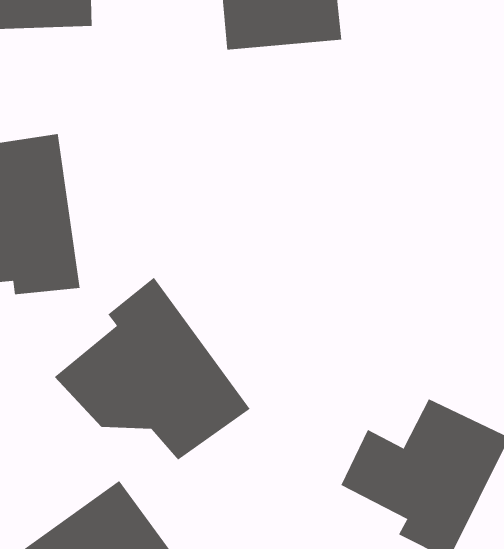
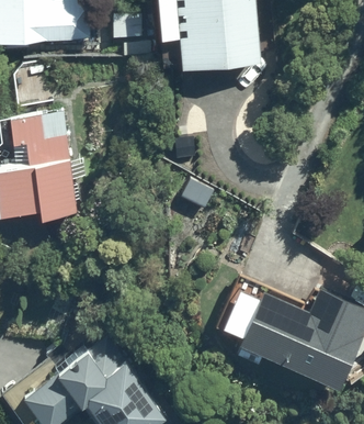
building: [54,277,250,461] -> none

